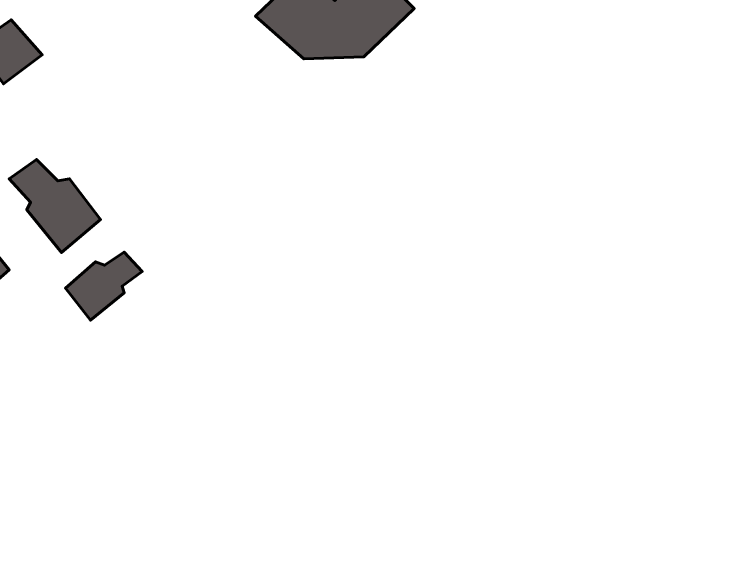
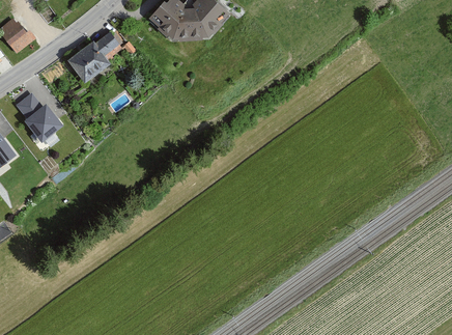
building: none -> [66,29,121,86]
building: [66,252,142,320] -> none

